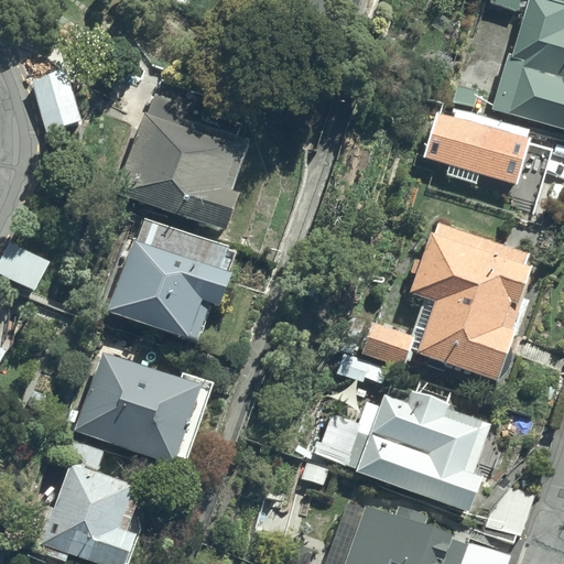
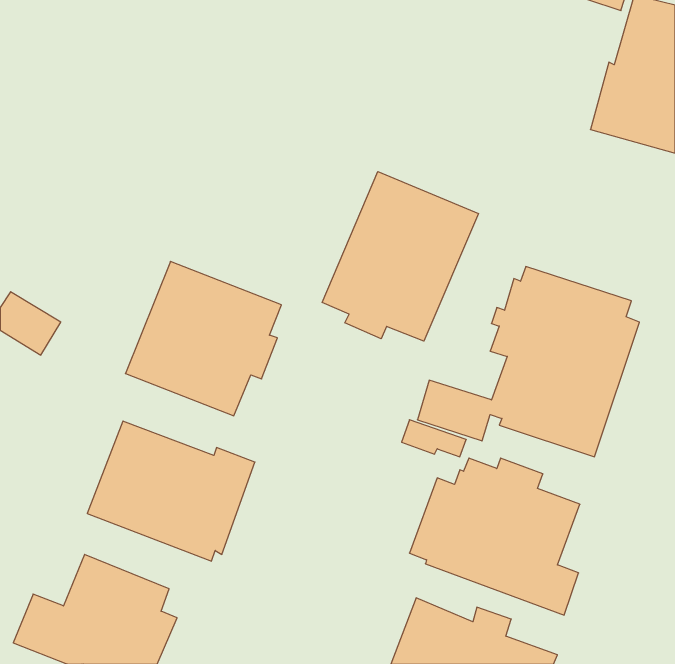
building: [31,69,89,141] -> none
building: [112,89,253,241] -> none
building: [423,107,531,187] -> none
building: none -> [322,172,479,341]

